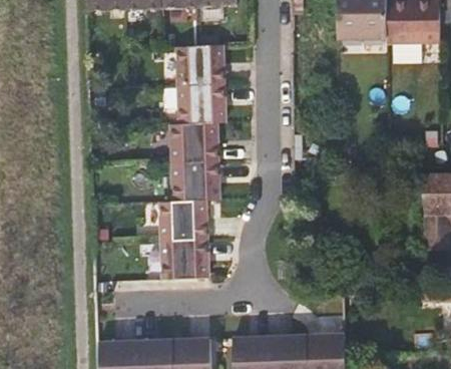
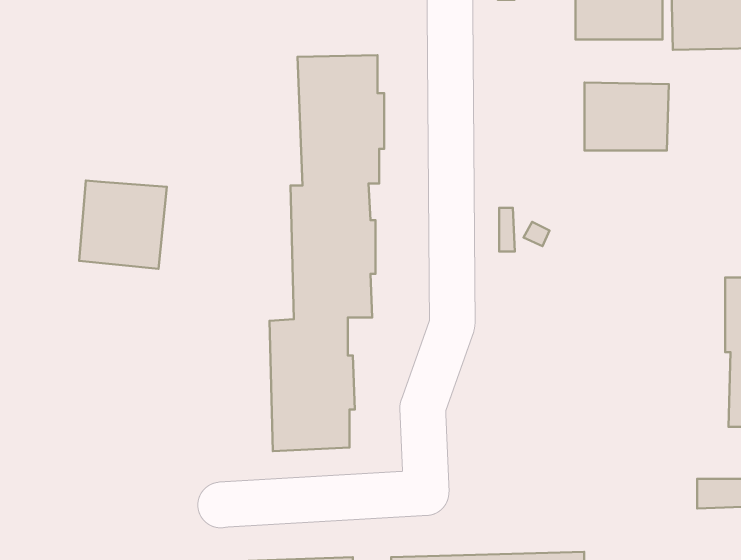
building: none -> [585,83,669,150]
building: none -> [79,180,167,269]

